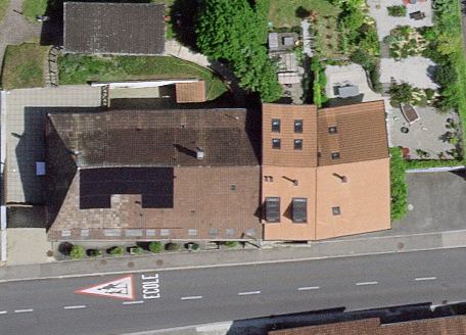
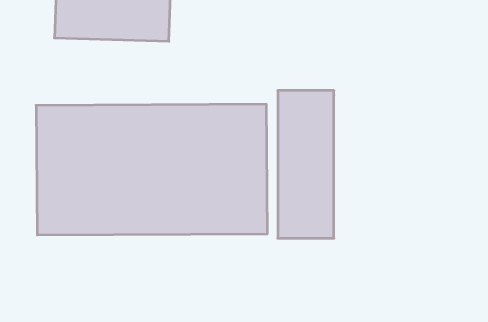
building: [314,99,388,237] -> none

